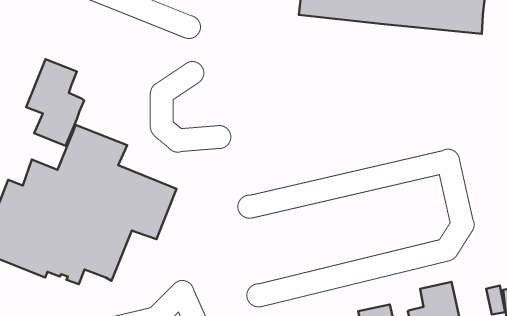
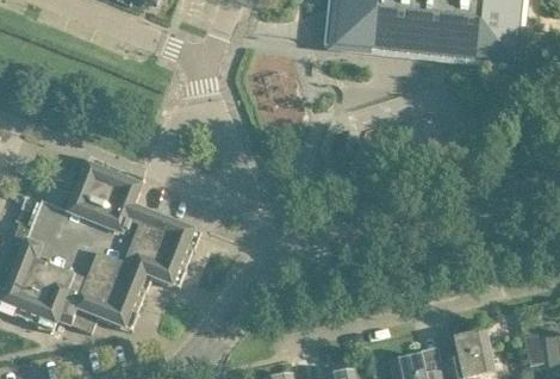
building: [26,59,84,146] -> none

